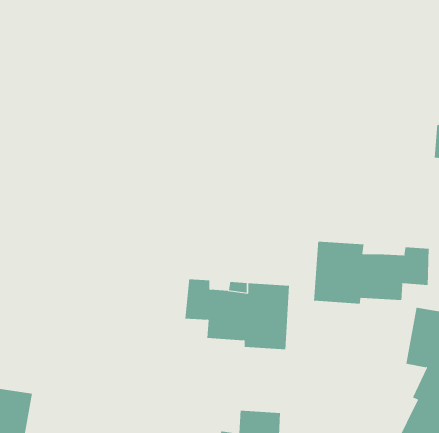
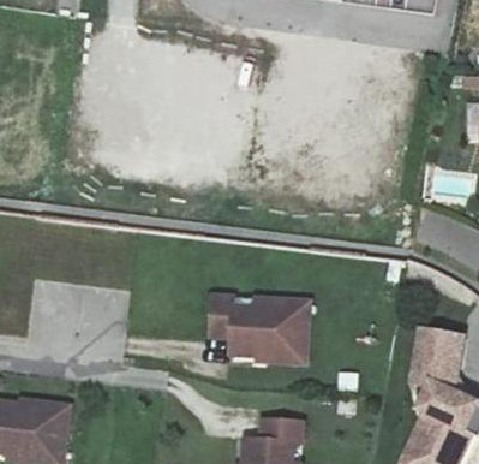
building: [314,241,429,304] -> none

